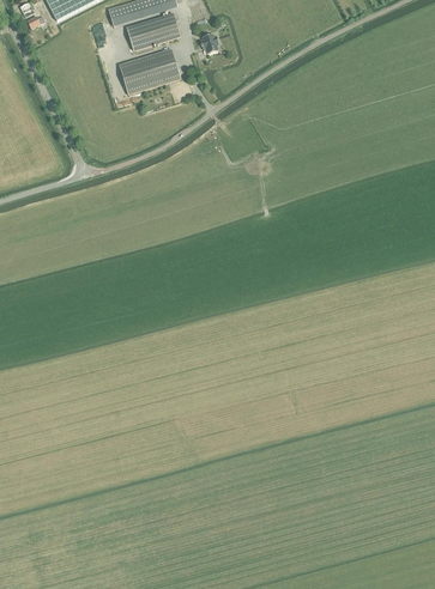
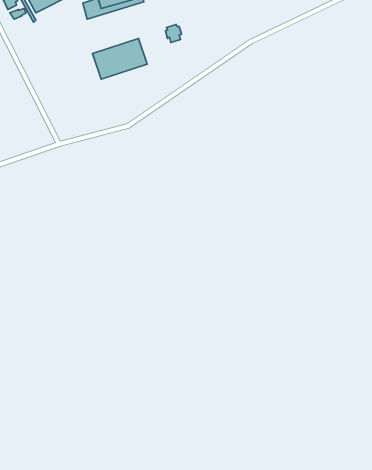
building: [126,13,179,50] -> none

